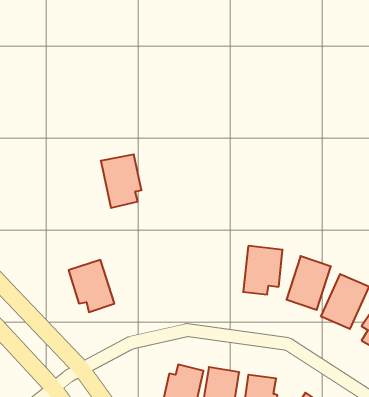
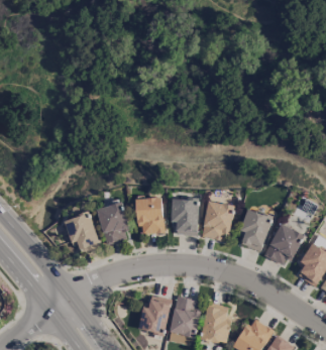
building: [101,154,142,208] -> [98,202,130,244]
building: none -> [137,198,165,233]
building: none -> [174,206,199,235]

